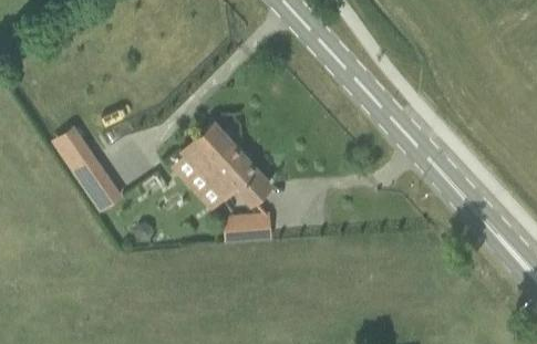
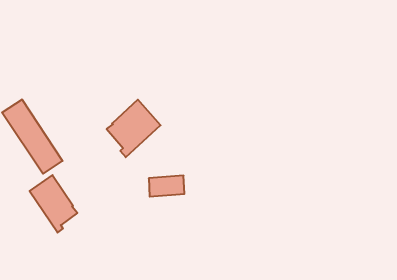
building: [200,154,271,208] -> none
building: none -> [30,175,77,233]

